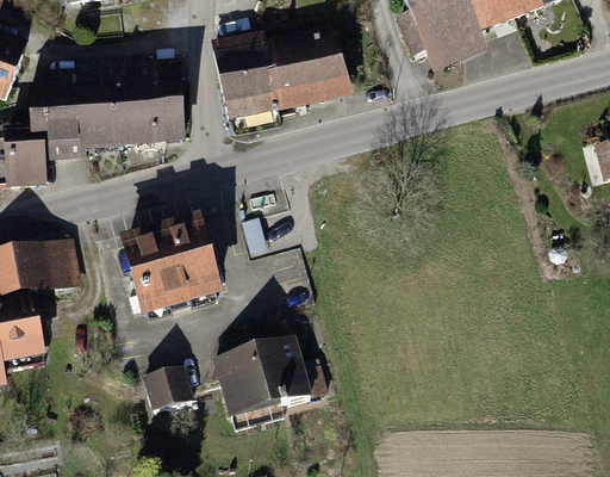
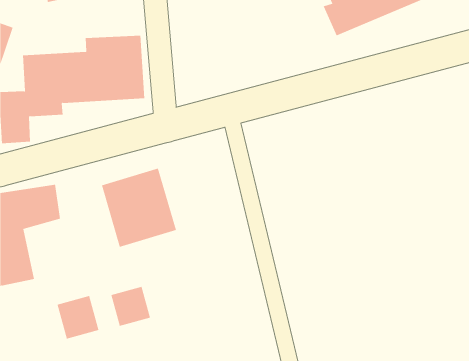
building: [210,26,351,123] -> none
building: [211,334,329,420] -> none
building: none -> [57,295,99,339]

